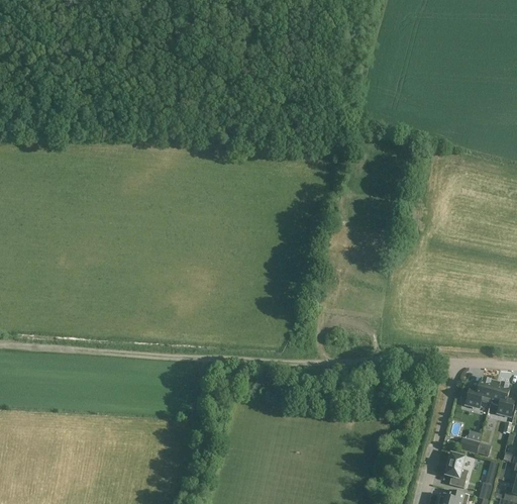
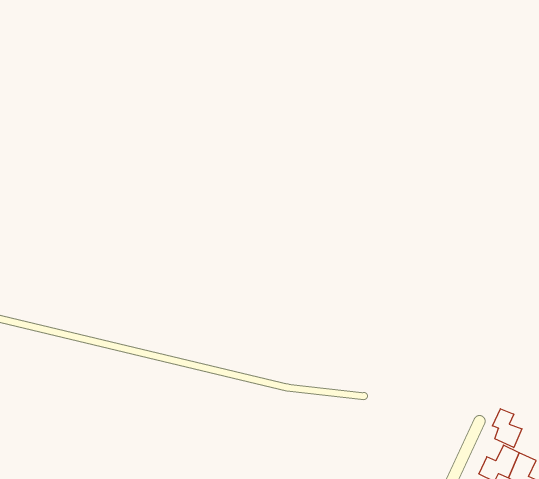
building: none -> [492,409,522,448]

